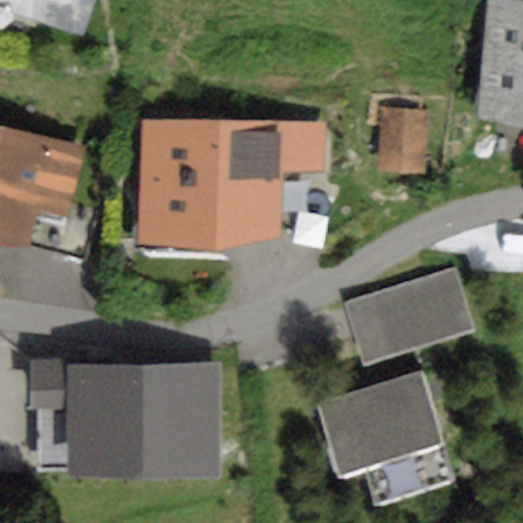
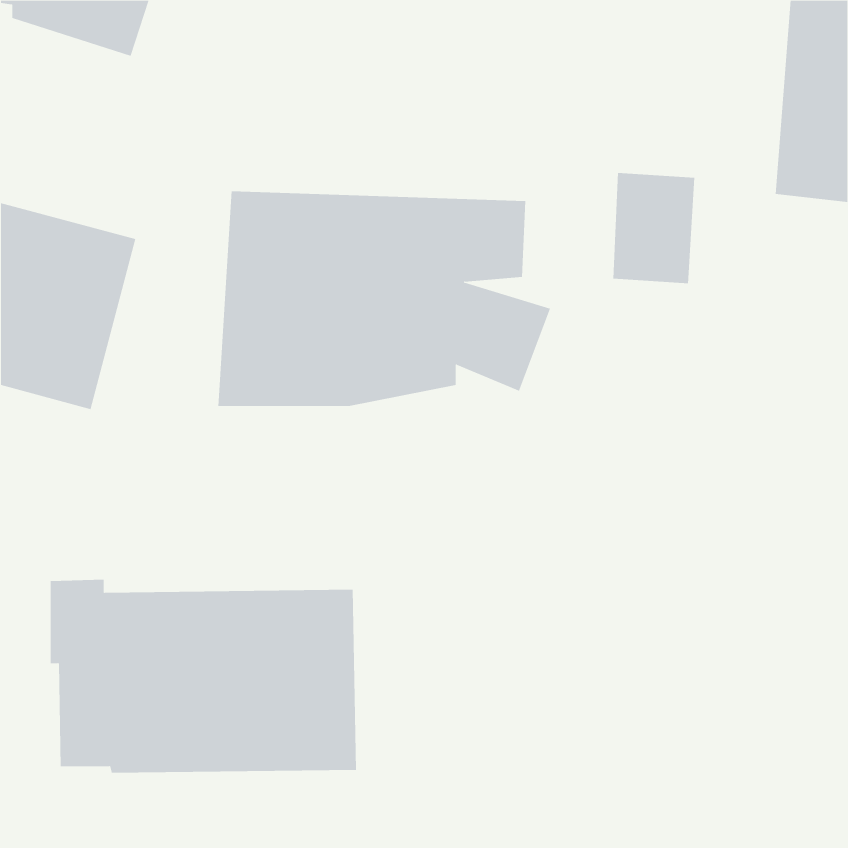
building: [342,266,474,367] -> none
building: [314,368,458,504] -> none

